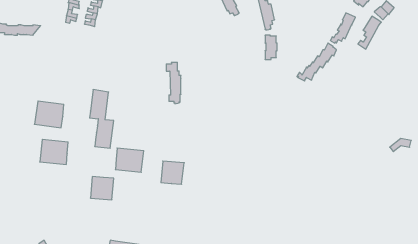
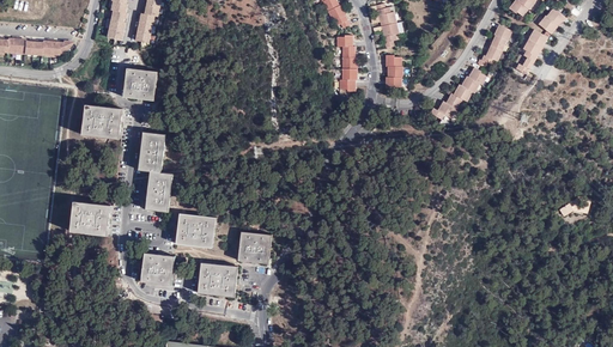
building: none -> [125,67,159,99]
building: [166,62,181,104] -> [335,35,356,92]
building: [34,101,64,128] -> [83,102,123,139]
building: none -> [198,262,238,297]

